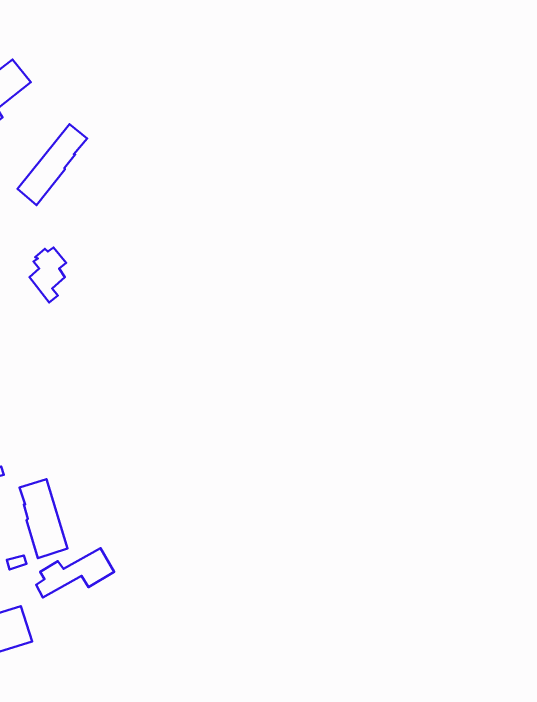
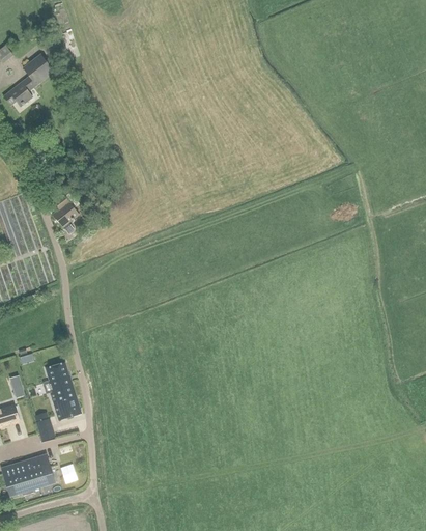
building: [18,124,87,205] -> none
building: [36,548,114,597] -> none

